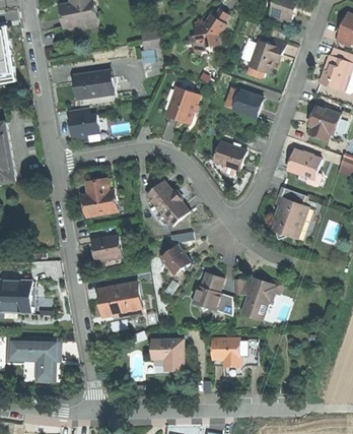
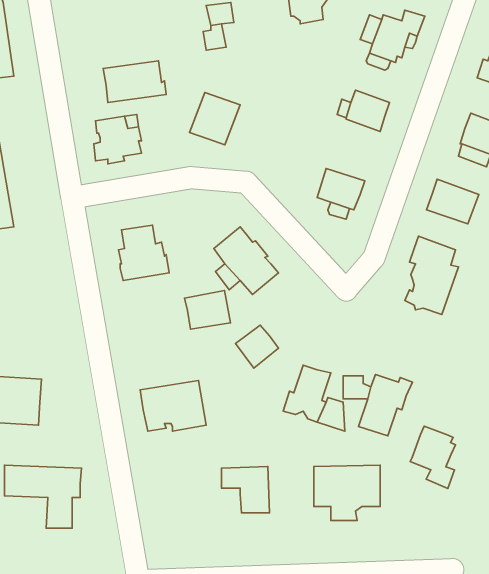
building: [165,87,199,122] -> [189,93,240,145]
building: [91,236,122,261] -> [184,291,231,329]
building: none -> [410,426,456,489]

